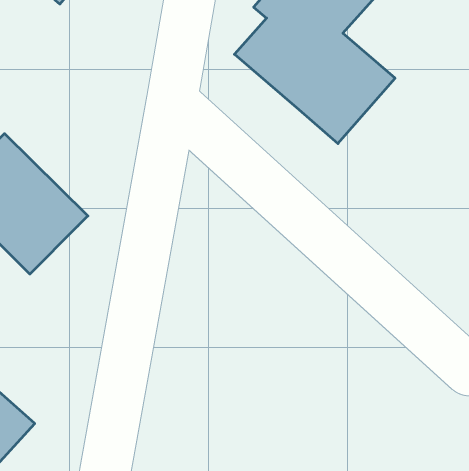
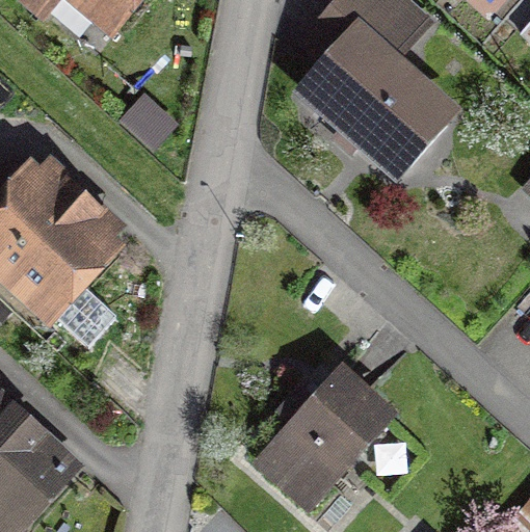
building: none -> [257,365,396,507]

